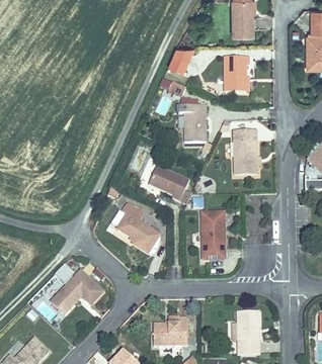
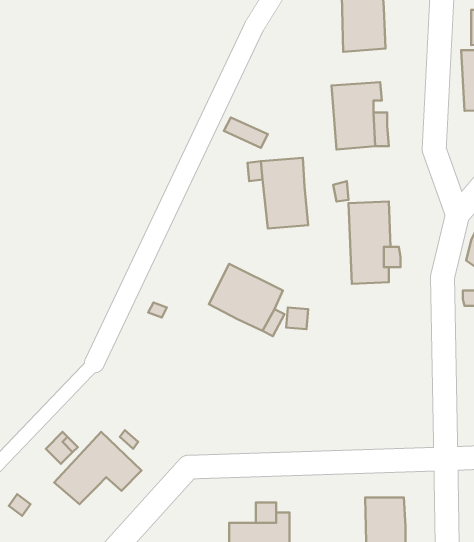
building: [164,49,192,74] -> none
building: [123,202,164,254] -> none
building: [203,213,230,264] -> none

